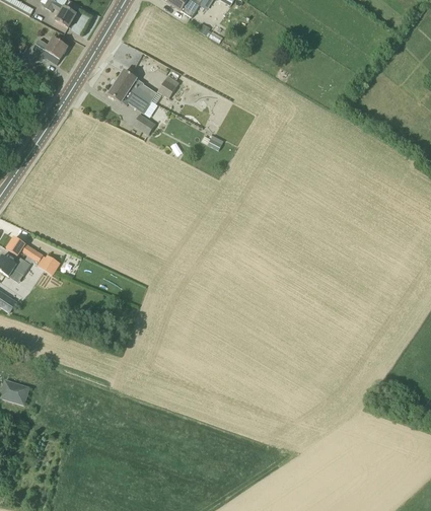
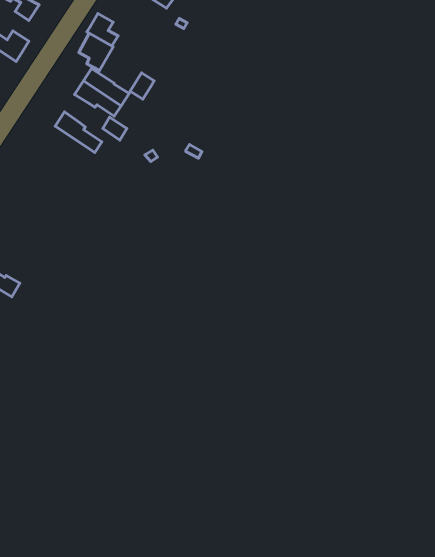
building: none -> [87,14,118,46]
building: none -> [55,112,102,153]

